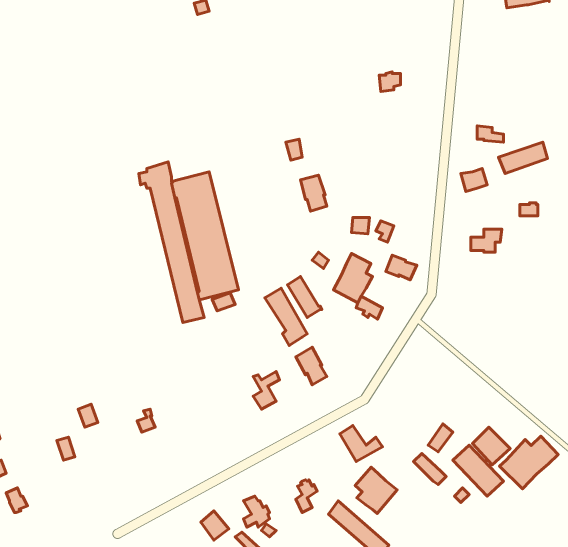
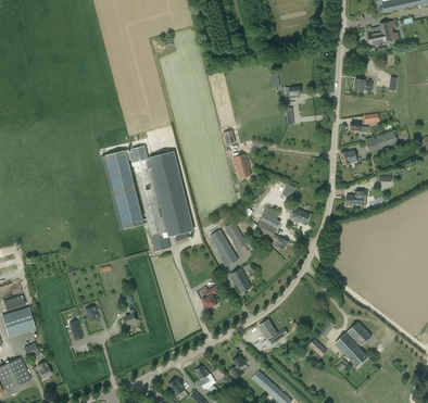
building: none -> [102,150,143,229]
building: [500,436,558,489] -> none
building: [355,467,397,514] -> none

